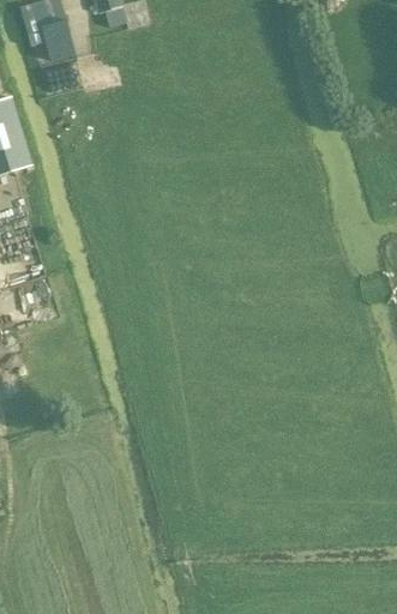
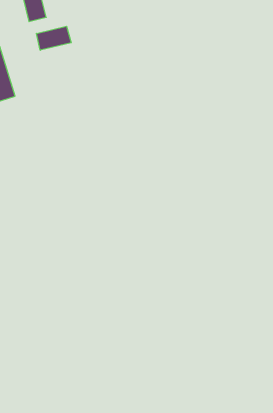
building: none -> [36,26,71,50]

